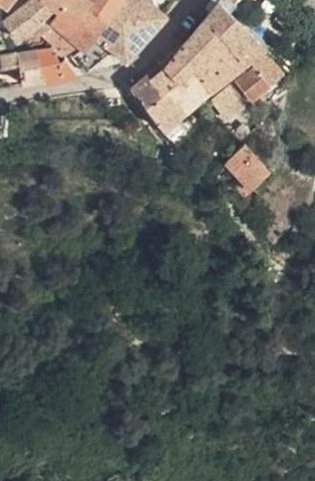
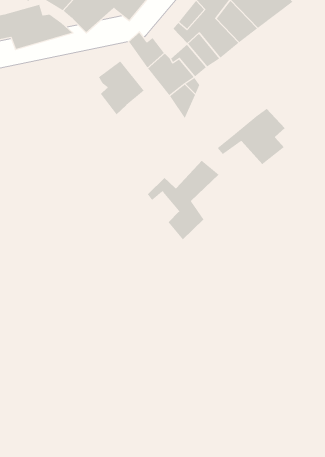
building: [213,56,281,114] -> none
building: none -> [98,61,145,115]
building: none -> [147,160,220,240]

